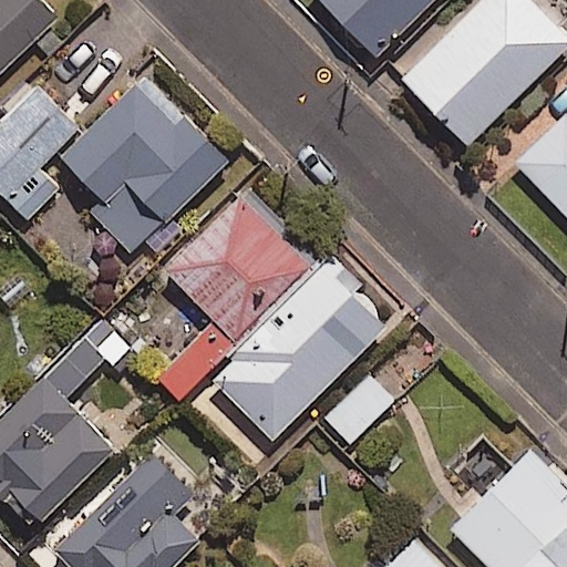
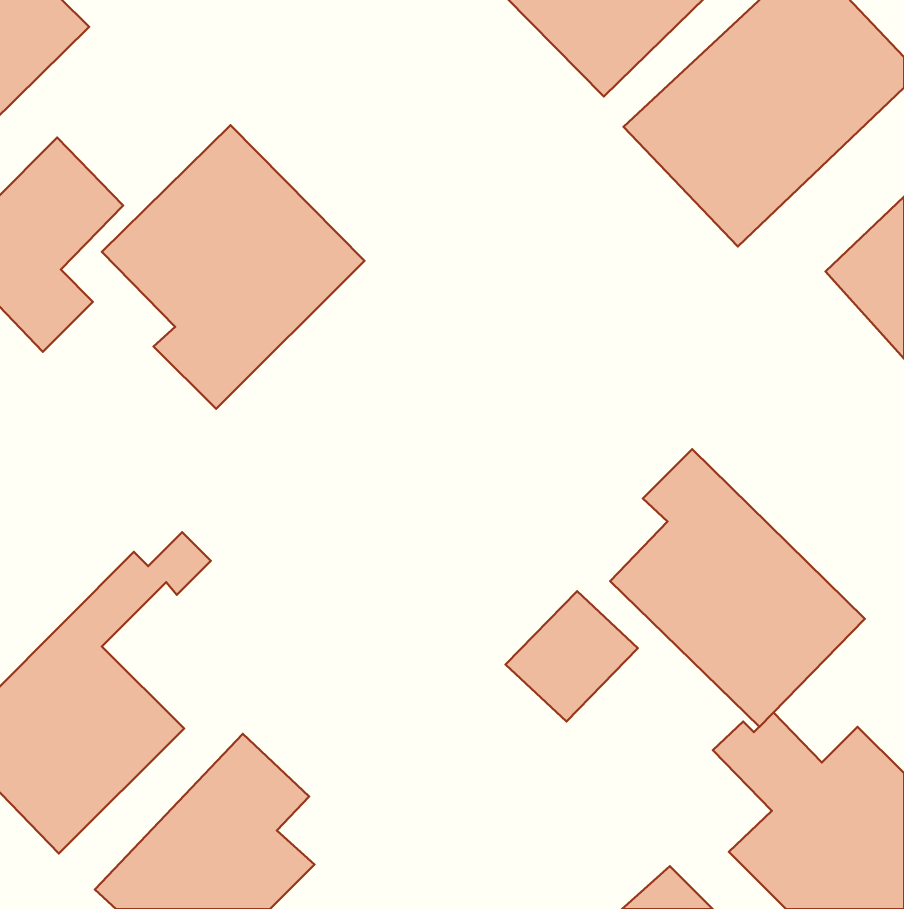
building: [159,192,320,399] -> none
building: [213,264,390,440] -> none
building: none -> [610,449,865,727]

